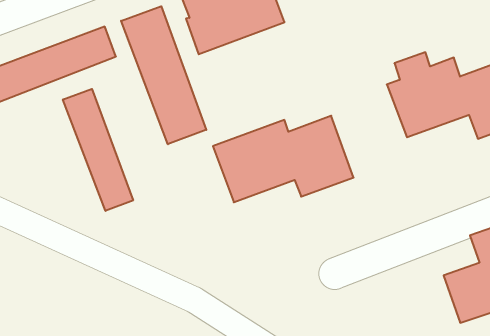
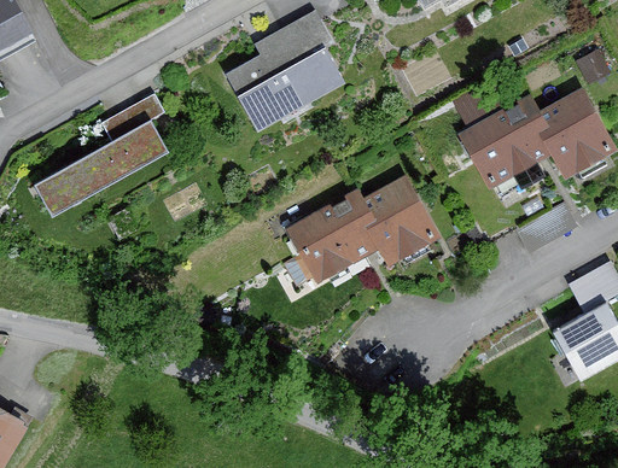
building: [121,6,206,144] -> none
building: [63,89,133,211] -> none

